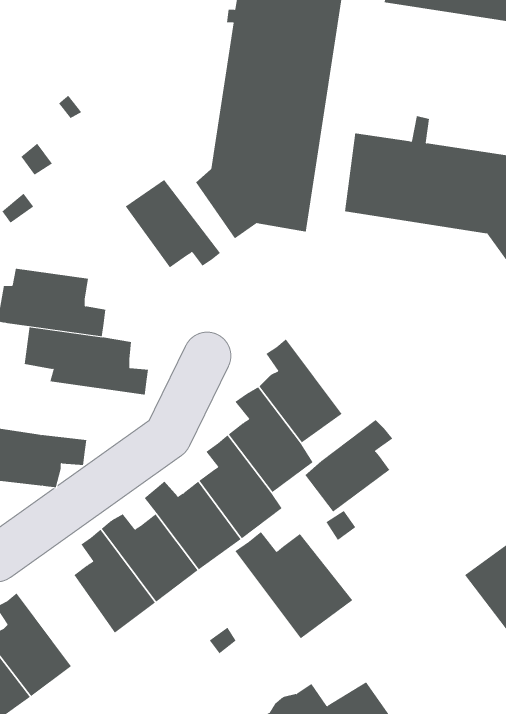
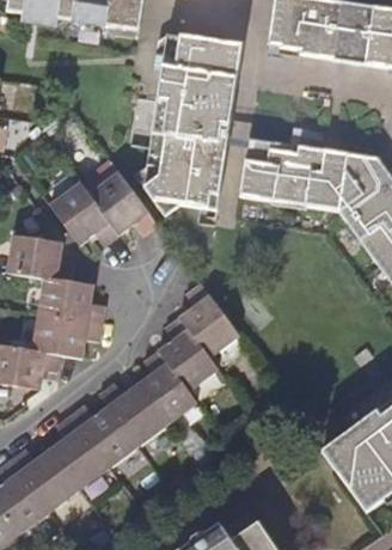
building: none -> [50,178,120,244]
building: none -> [30,312,103,356]
building: [304,419,393,513] -> none
building: [235,531,353,639] -> none
building: none -> [13,447,81,511]

